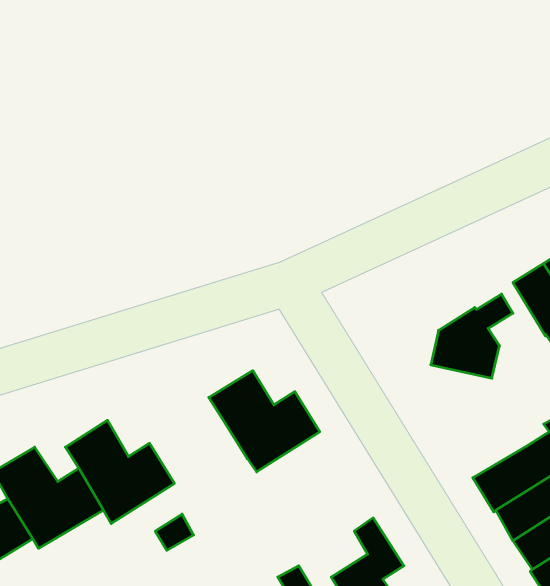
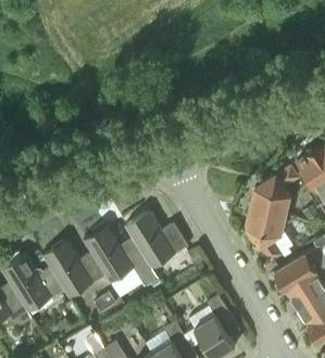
building: none -> [246,208,289,263]
building: none -> [83,226,146,283]

